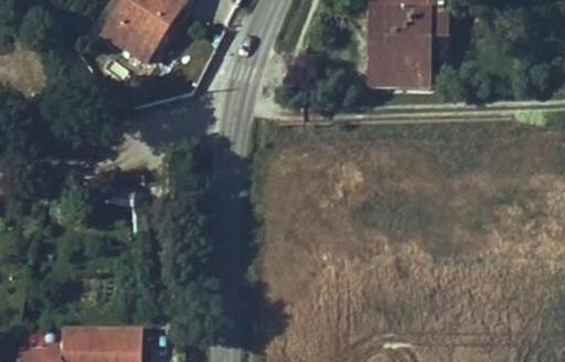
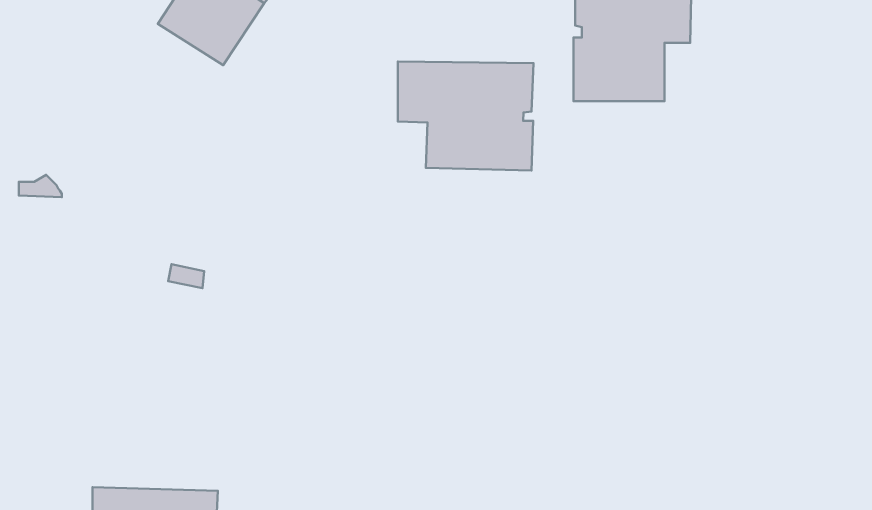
building: none -> [398,61,533,170]

